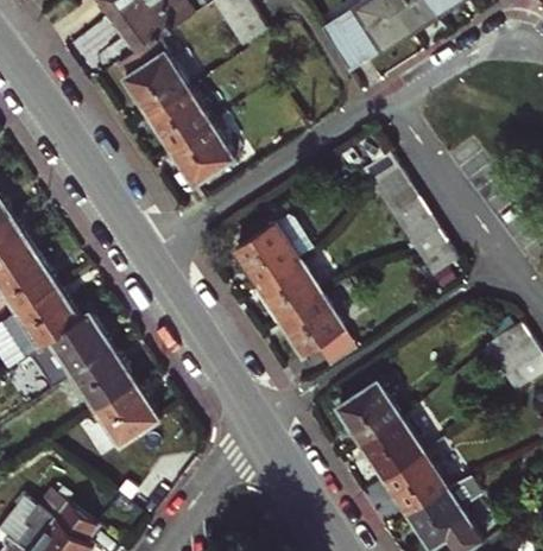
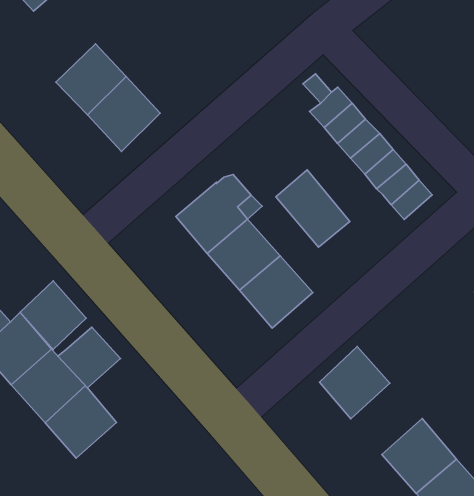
building: [120,51,184,116] -> none
building: none -> [276,170,350,247]
building: none -> [20,281,86,349]
building: none -> [58,327,120,388]
building: [360,417,422,477] -> none

